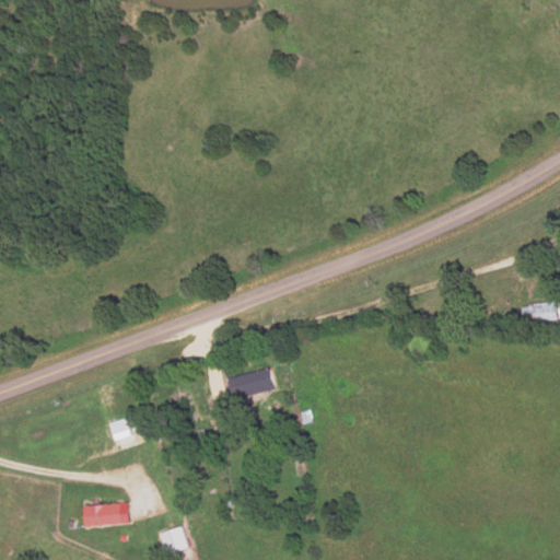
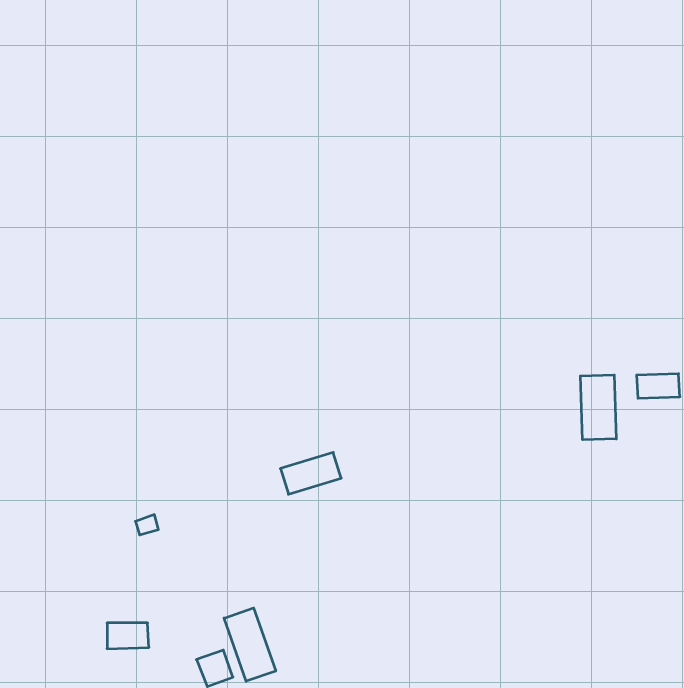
building: none -> [580,375,616,440]
building: none -> [224,608,276,681]

